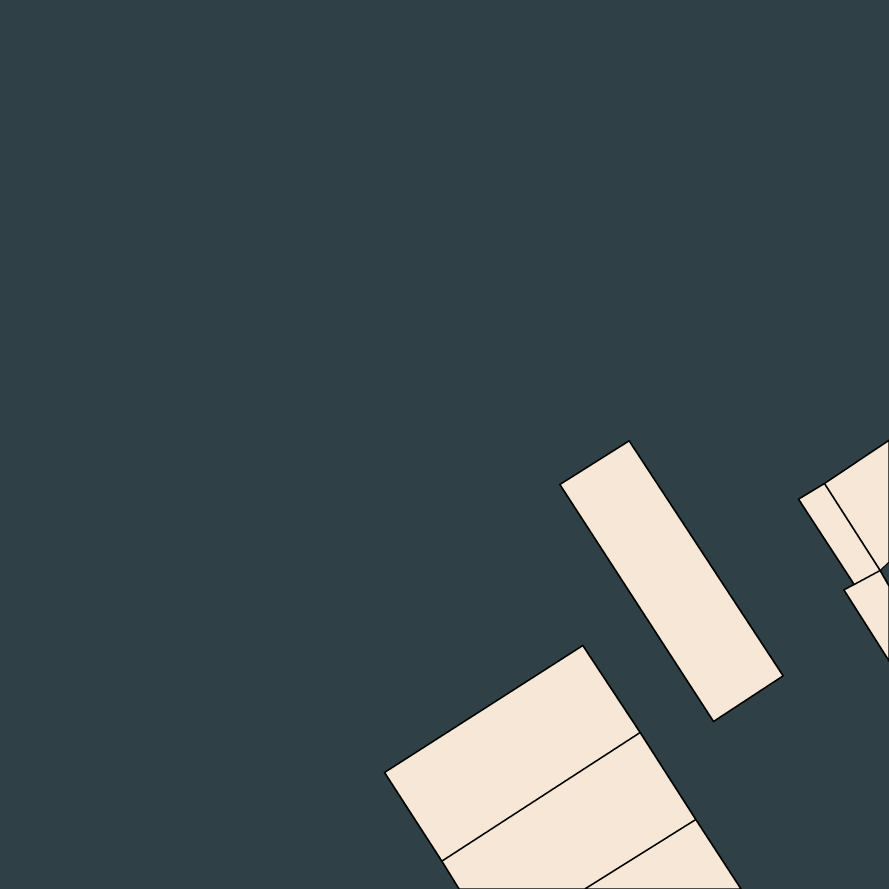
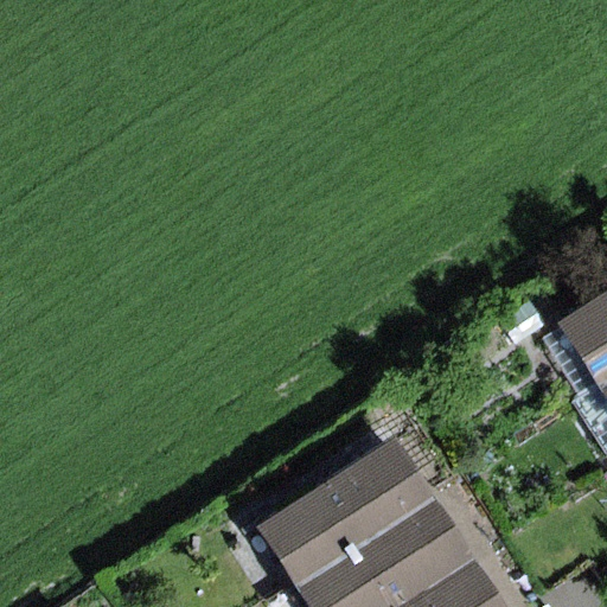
building: [560,441,783,721] -> none

